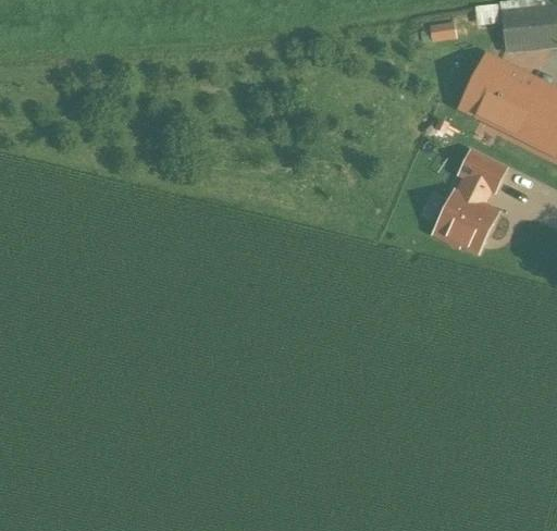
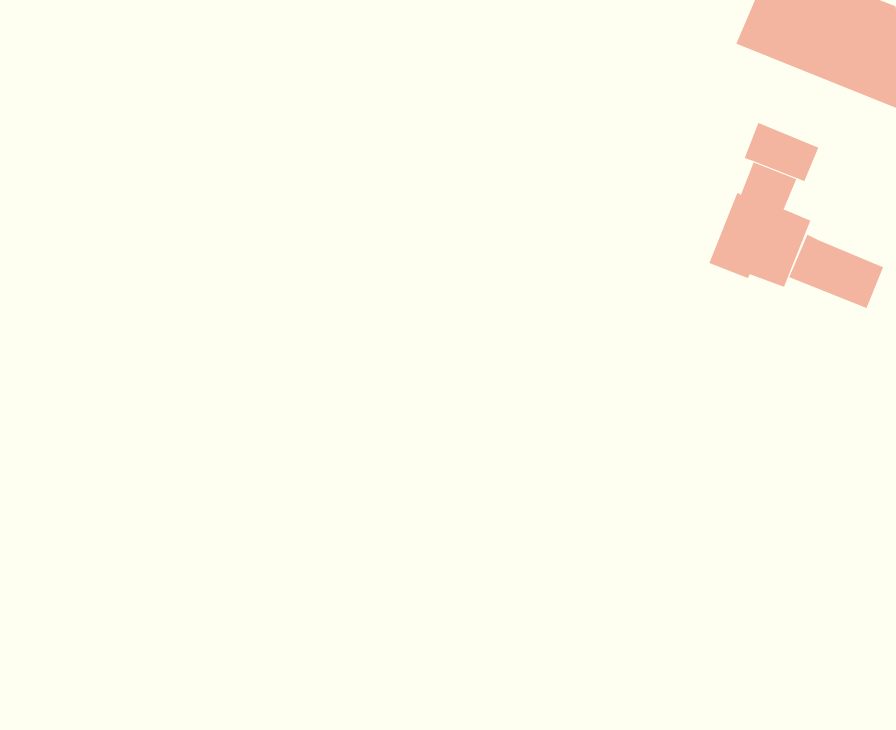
building: none -> [788,234,884,309]

